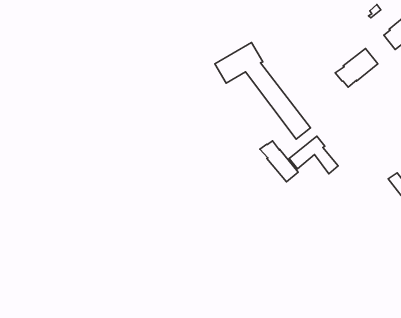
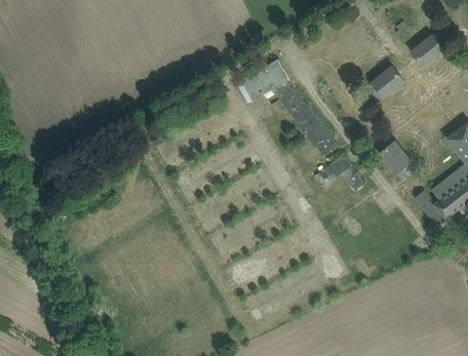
building: none -> [379,142,415,181]
building: [260,141,298,182] -> none

